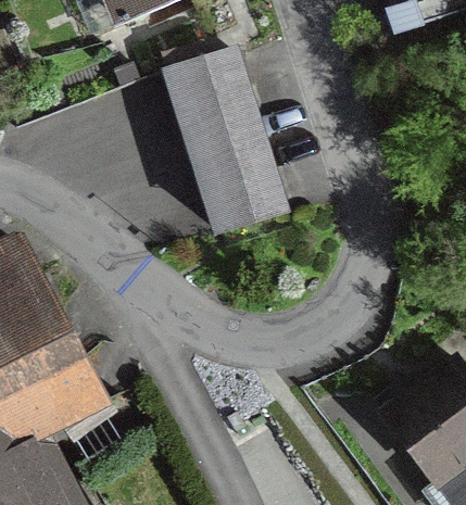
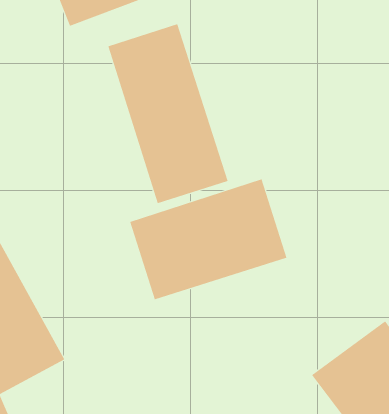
building: none -> [130,178,287,300]

